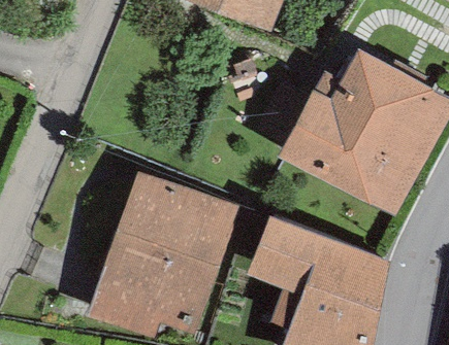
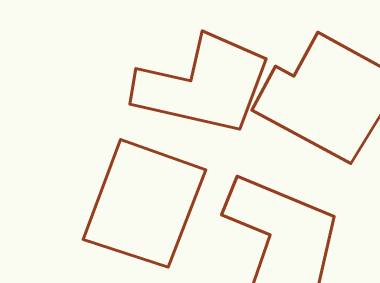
building: none -> [130,31,266,129]

